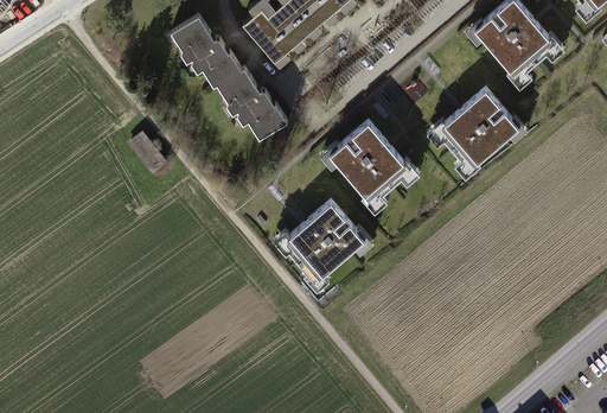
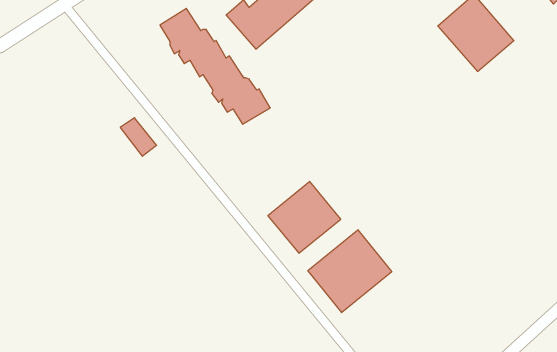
building: [429,88,520,177] -> none
building: [328,121,408,201] -> none
building: none -> [308,230,392,313]

